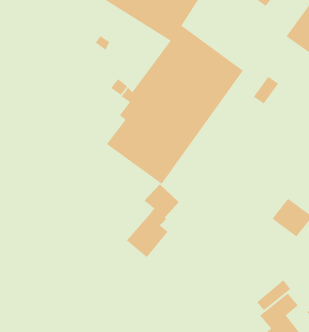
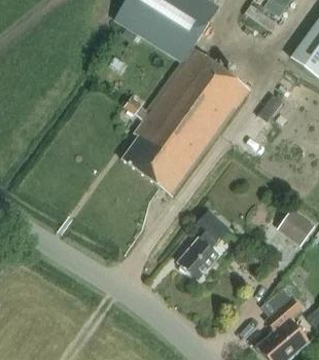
building: [126,183,180,258] -> [178,209,228,279]

